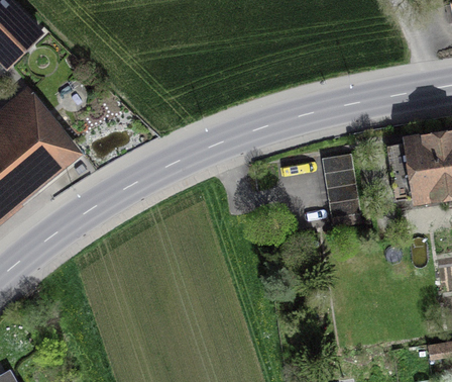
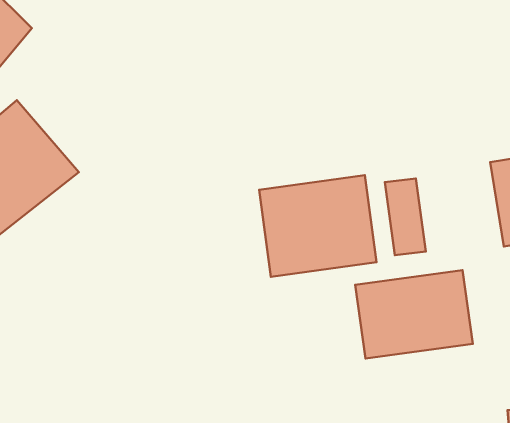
building: none -> [259,175,377,277]
building: none -> [355,270,473,358]

